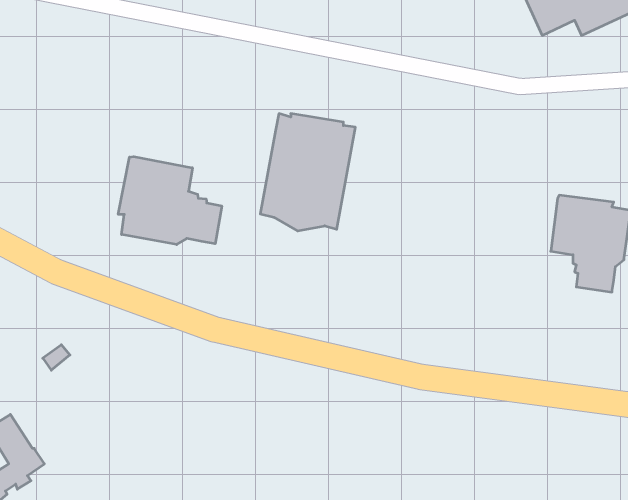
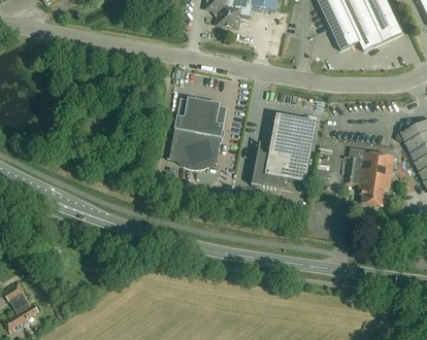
building: none -> [252,113,317,191]
building: [118,157,222,245] -> none

